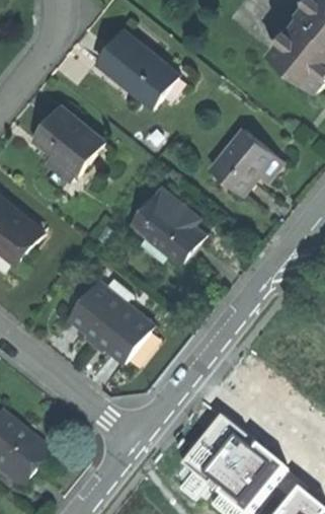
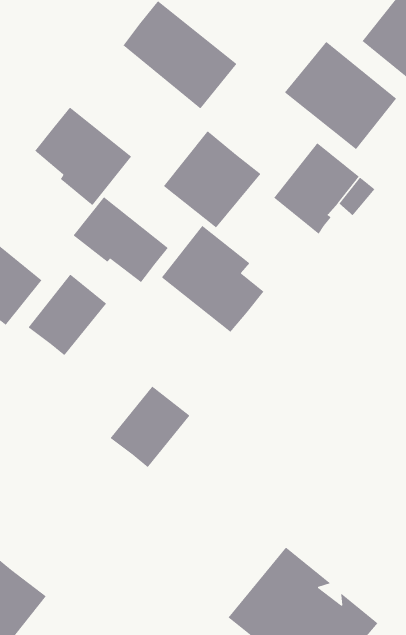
building: none -> [284,41,397,150]
building: none -> [163,130,261,229]
building: none -> [72,196,169,283]
building: [67,280,124,339] -> [27,273,107,356]

